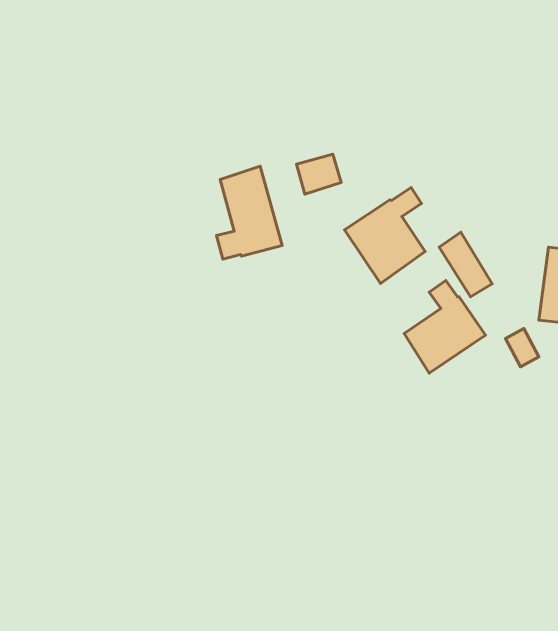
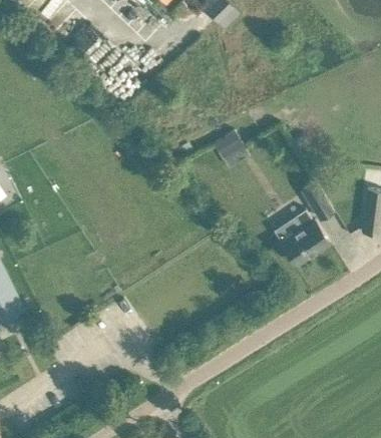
building: [216,166,282,259] -> none
building: [344,187,425,284] -> none

